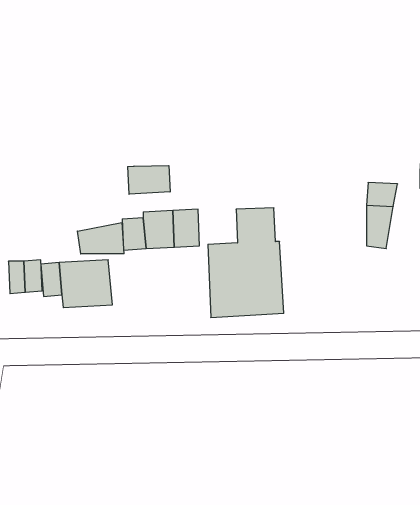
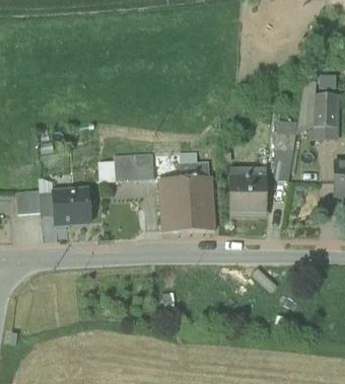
building: [128,166,170,194] -> none
building: [77,223,124,254] -> none
building: none -> [229,166,266,215]

